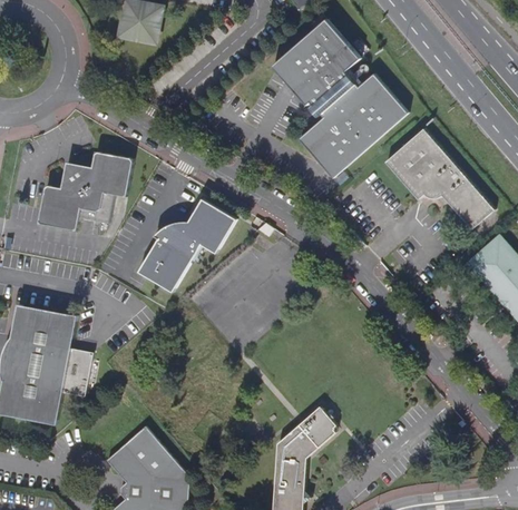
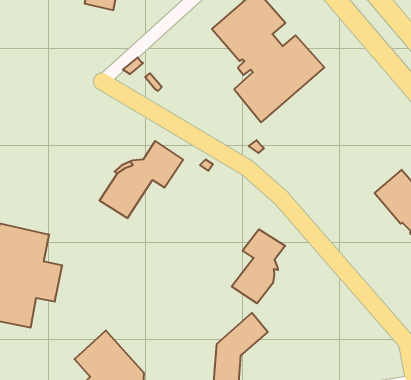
building: [385,128,493,228] -> none
building: [37,149,134,229] -> none
building: none -> [232,229,285,303]

